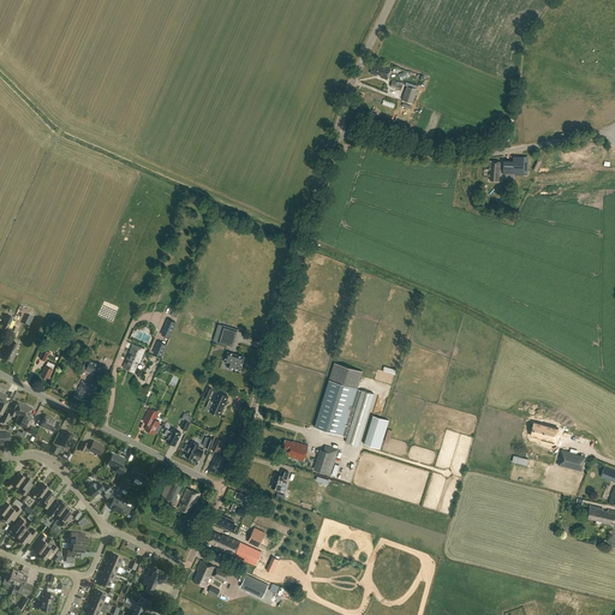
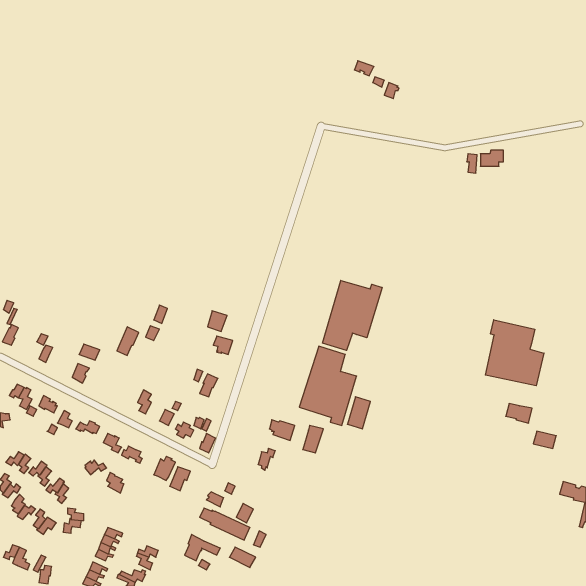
building: none -> [323,280,382,350]
building: none -> [485,320,544,386]

